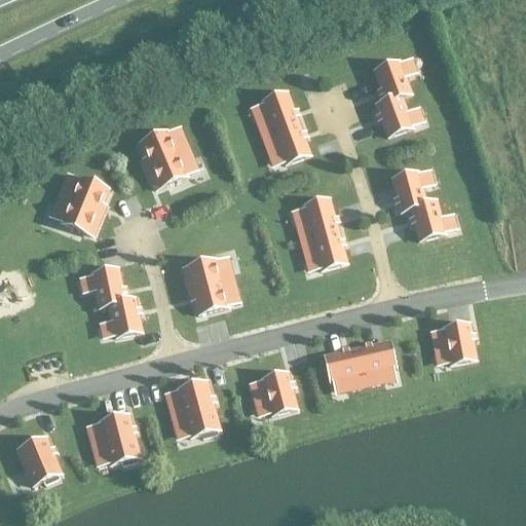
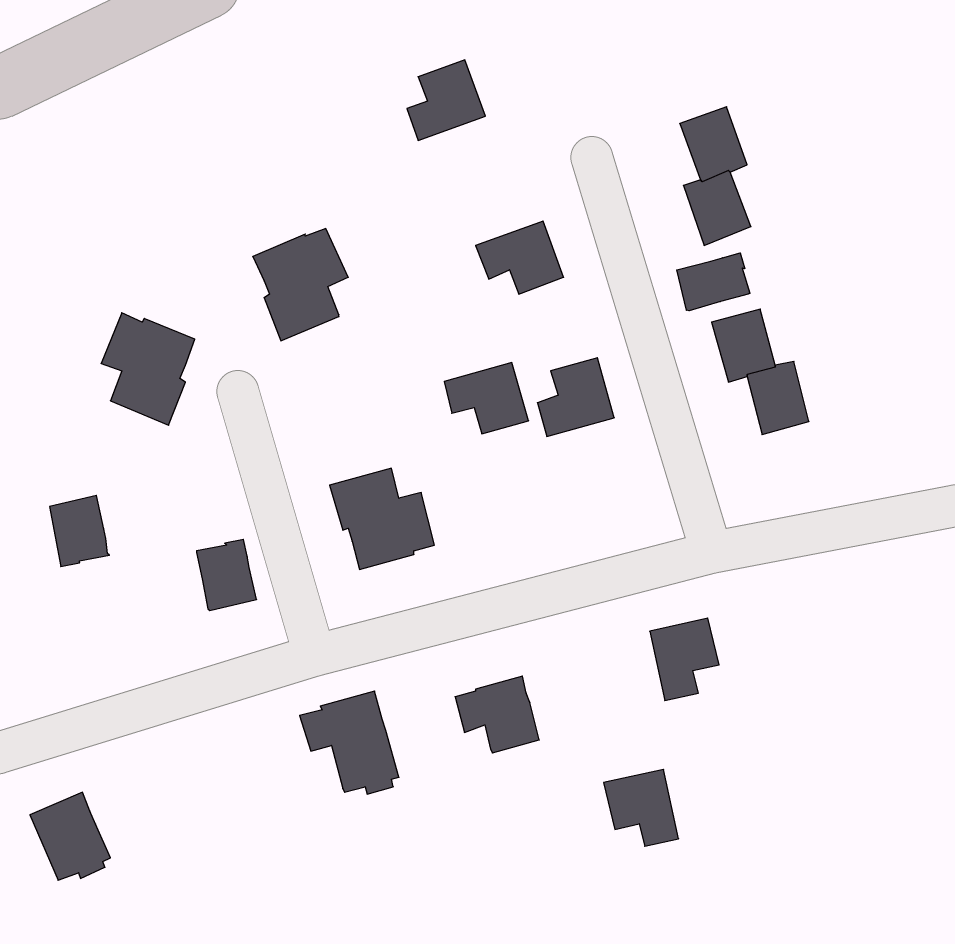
building: [255,90,298,135] -> [407,60,485,140]
building: none -> [677,253,750,311]
building: [300,229,346,268] -> [444,363,529,434]
building: [91,266,124,305] -> [50,495,109,567]
building: [430,322,475,363] -> none
building: [324,346,365,388] -> [604,769,679,846]
building: [86,412,139,463] -> none

